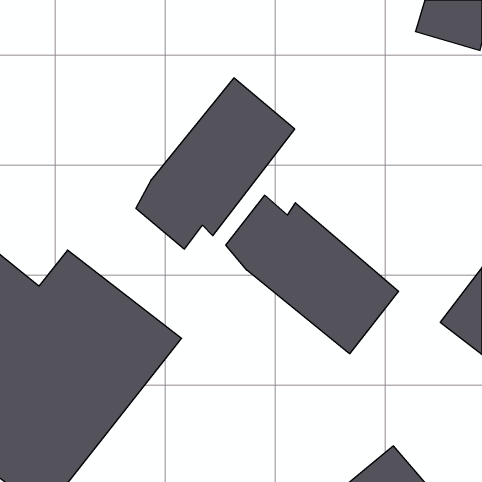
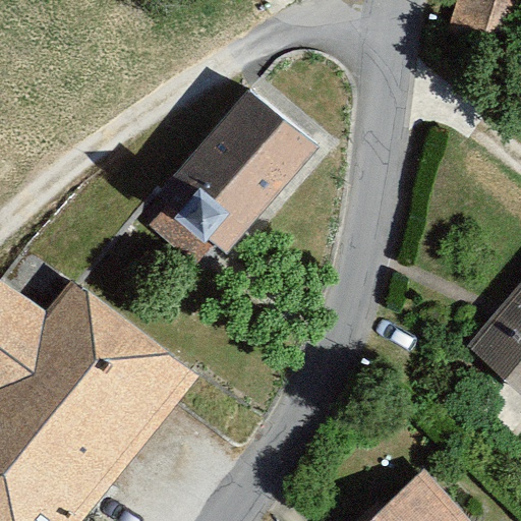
building: [226,195,399,354] -> none

